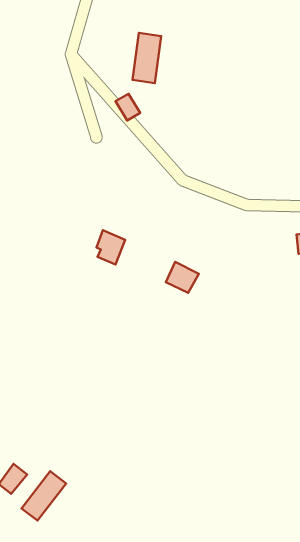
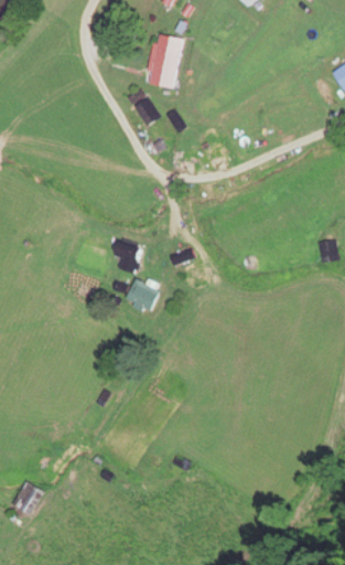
building: [166,262,199,293] -> [123,279,158,311]
building: [22,471,66,521] -> none

